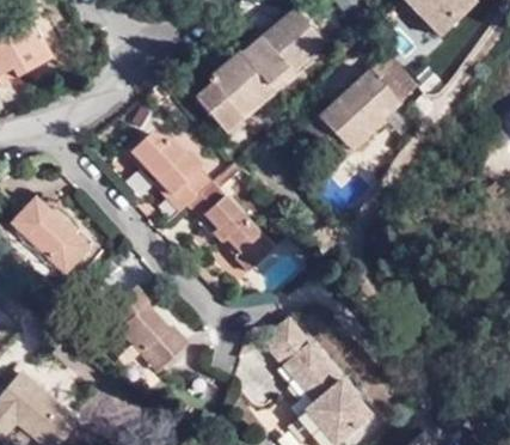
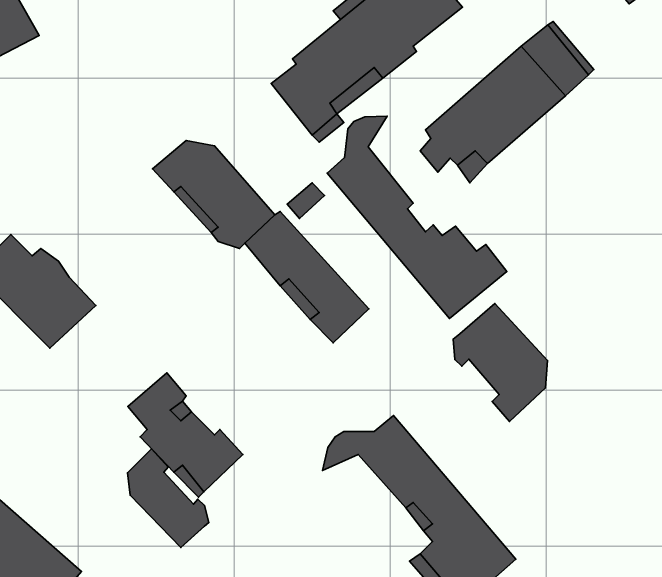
building: none -> [327,116,507,318]
building: none -> [453,304,547,422]
building: none -> [128,449,209,548]

